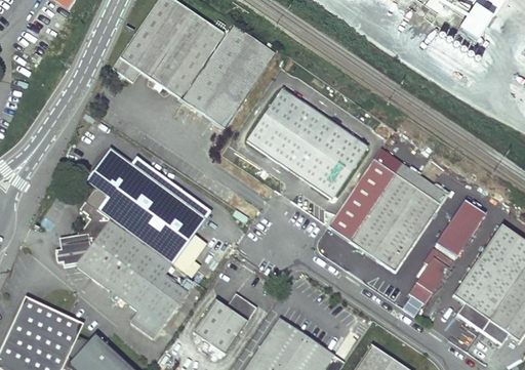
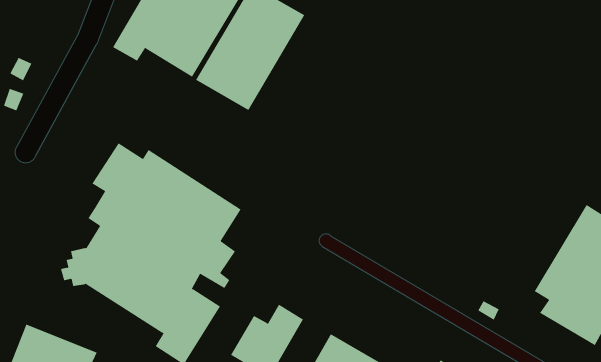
building: [247,87,368,198] -> none
building: [328,149,447,271] -> none
building: [438,201,485,258] -> none
building: [408,253,452,303] -> none

